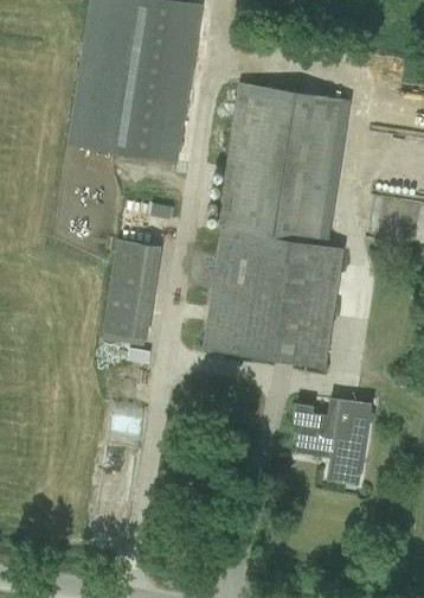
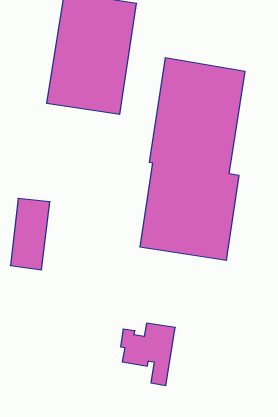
building: [102,242,158,343] -> [10,198,50,270]
building: [295,397,372,485] -> [121,323,175,385]

